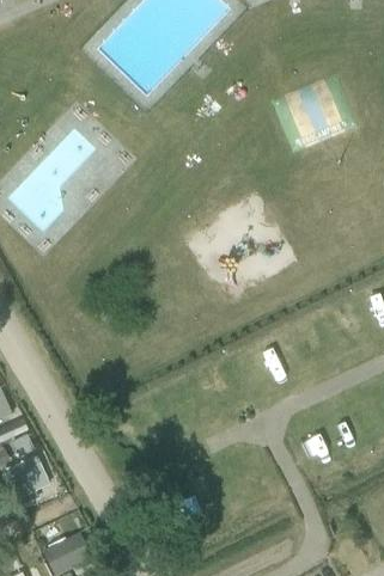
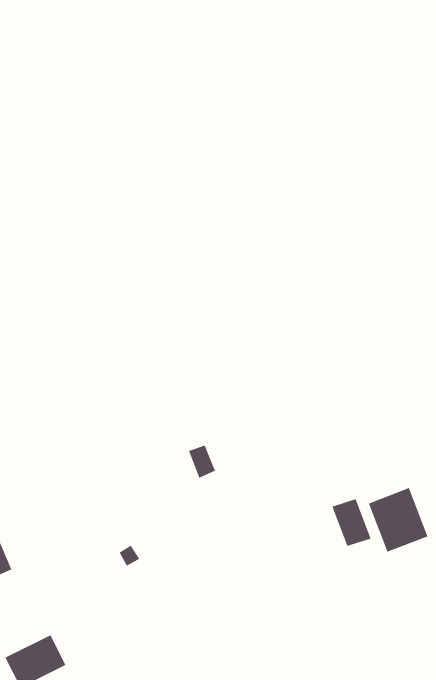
building: none -> [368,487,428,553]

